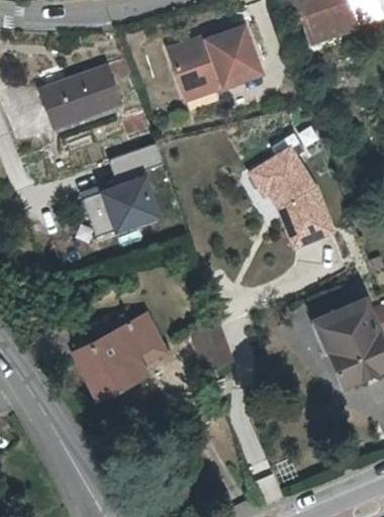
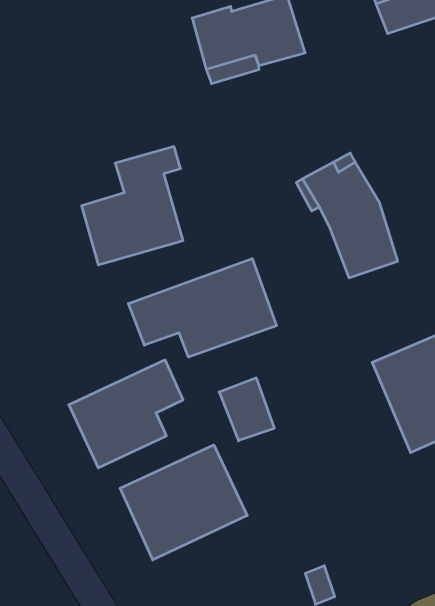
building: [37,62,118,123] -> none
building: none -> [128,259,276,357]
building: none -> [120,445,247,560]

